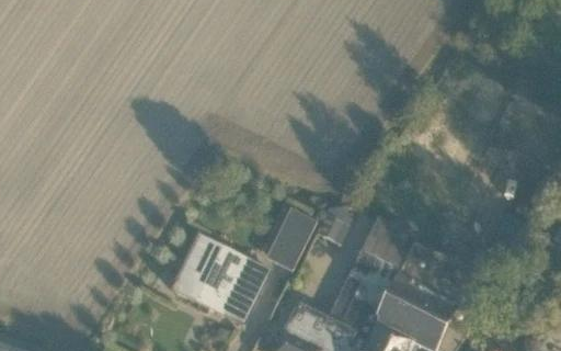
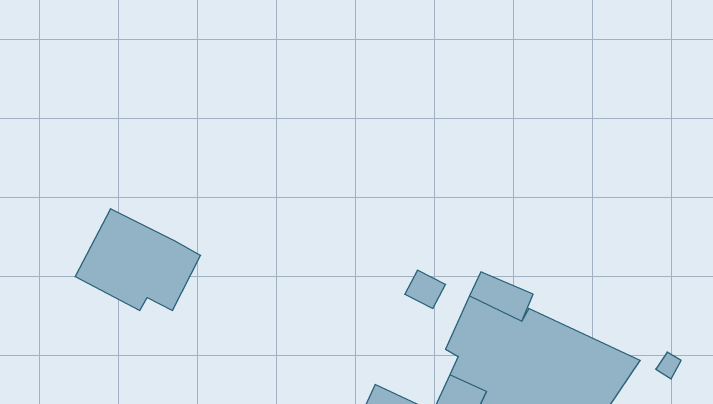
building: [265,206,316,269] -> none
building: [171,233,268,312] -> [75,209,201,310]

